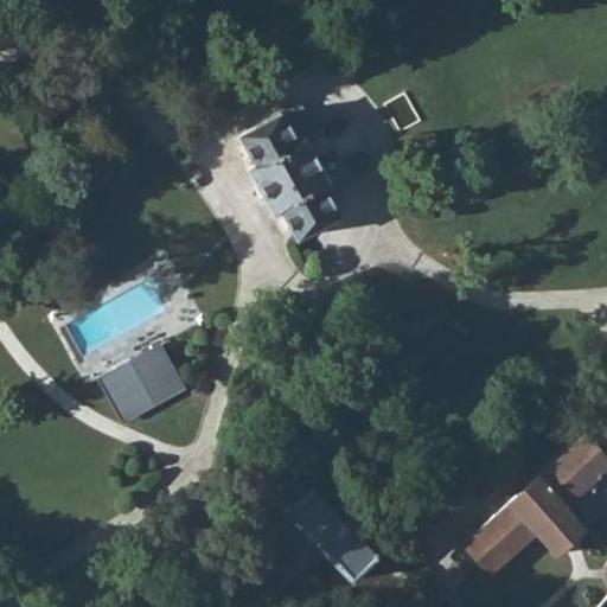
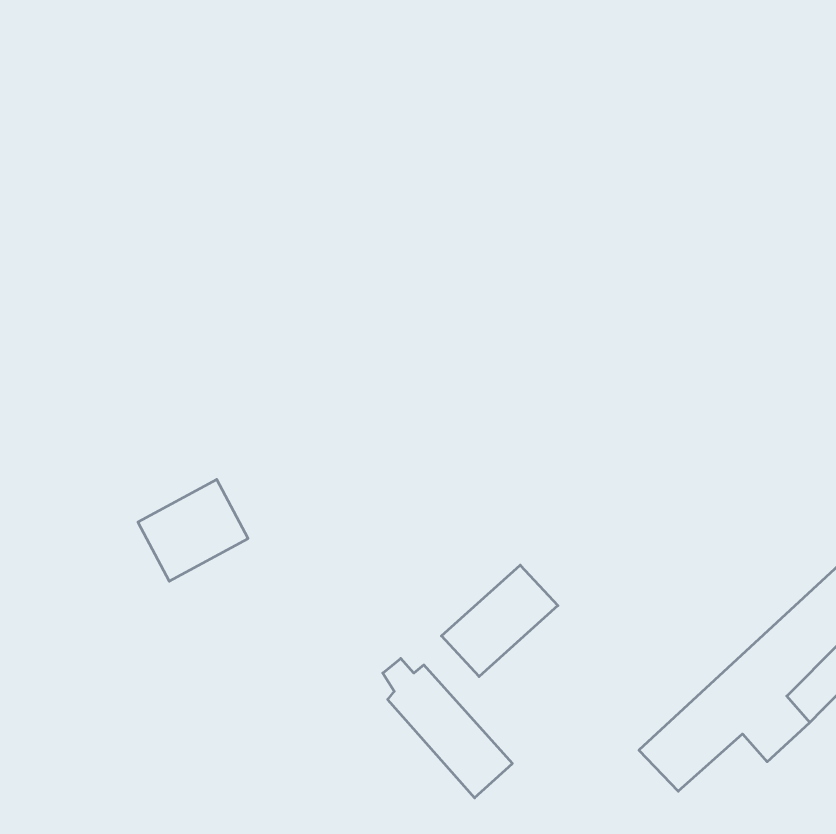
building: [243,114,349,239] -> none
building: none -> [441,565,558,677]

